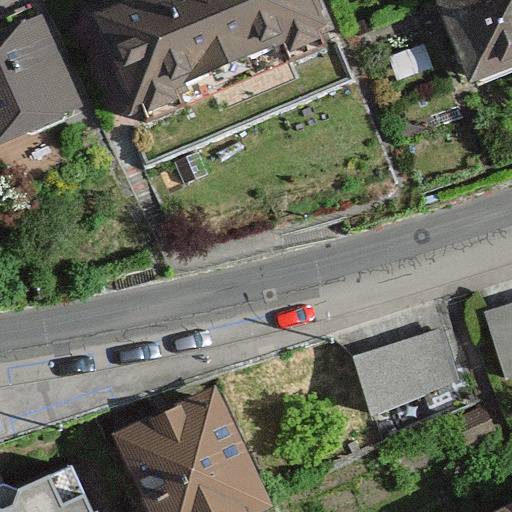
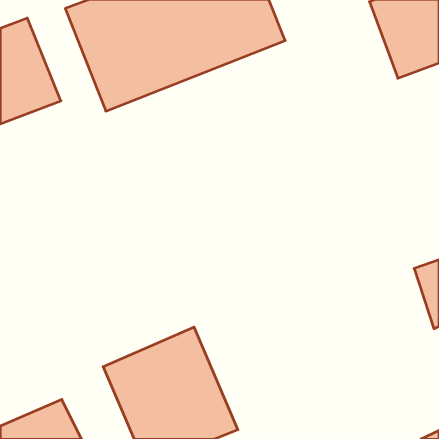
building: [348,327,464,422] -> none

